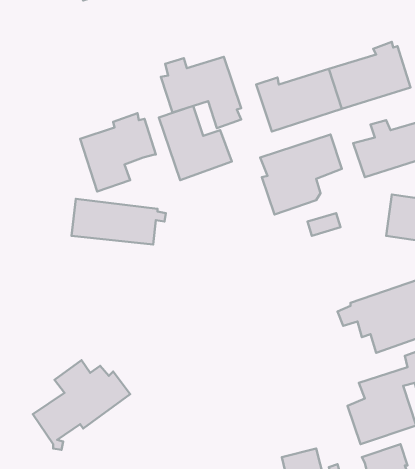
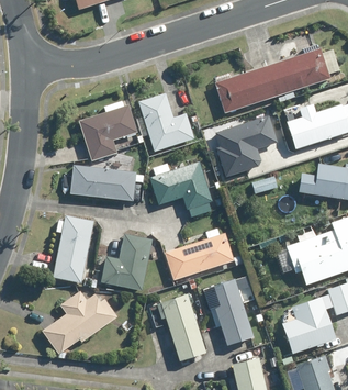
building: [161,57,241,128] -> [149,160,211,215]
building: none -> [52,215,93,283]
building: none -> [166,227,235,280]
building: none -> [101,233,151,289]
building: none -> [204,277,254,344]
building: none -> [157,292,204,358]

